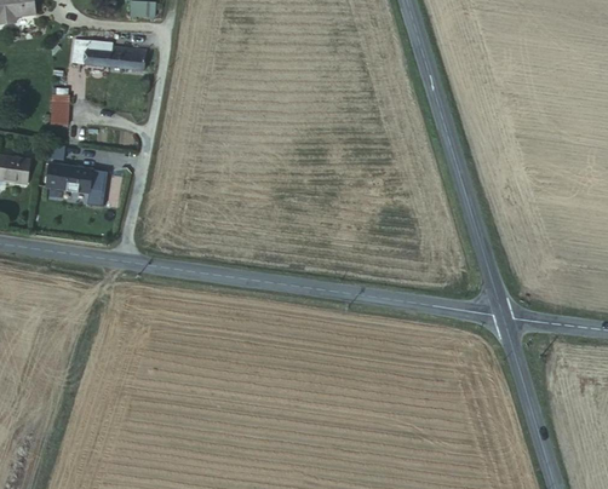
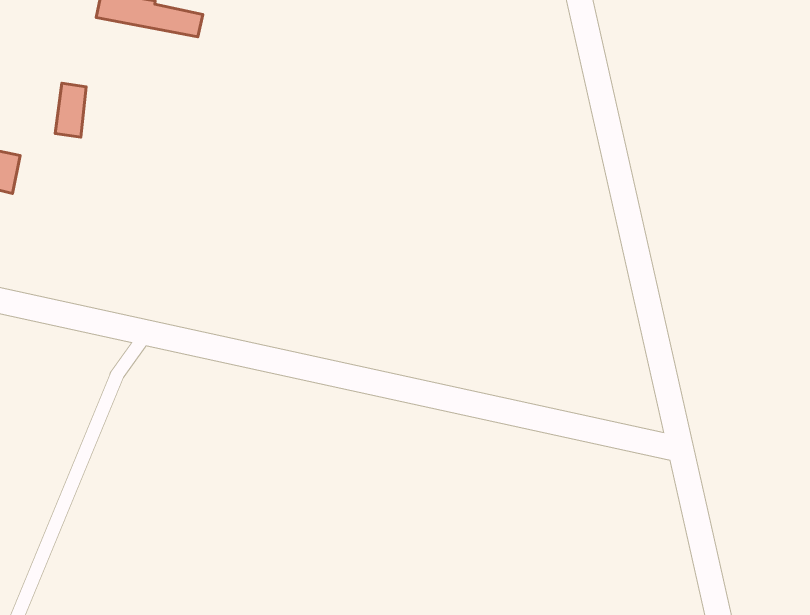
building: [46,162,96,195] -> none

